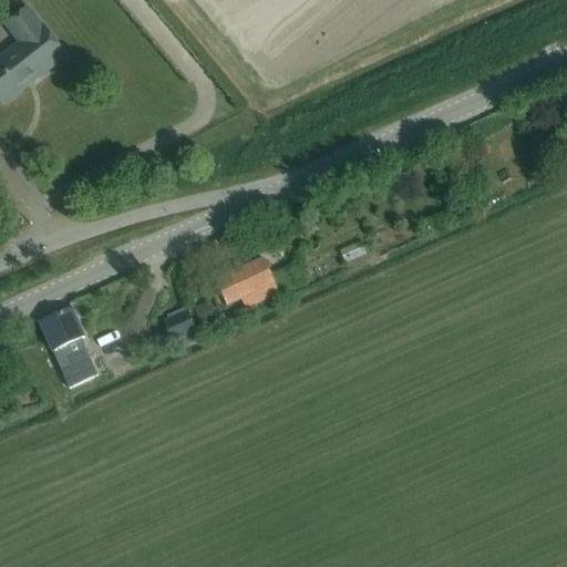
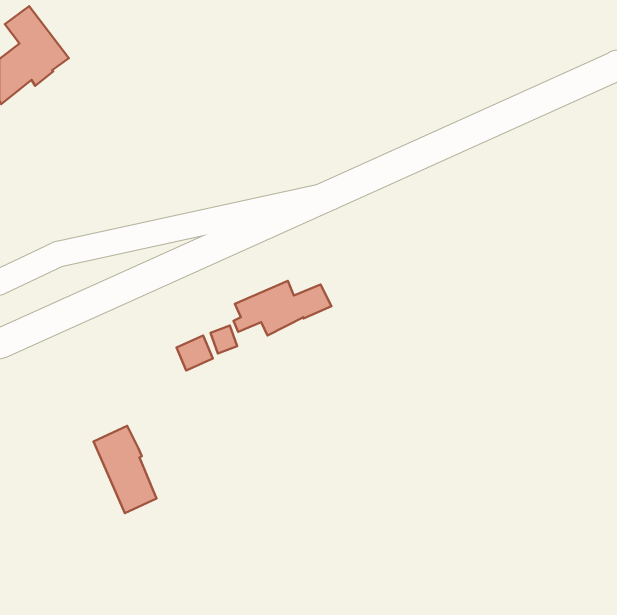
building: [39,306,96,385] -> [93,426,156,513]

